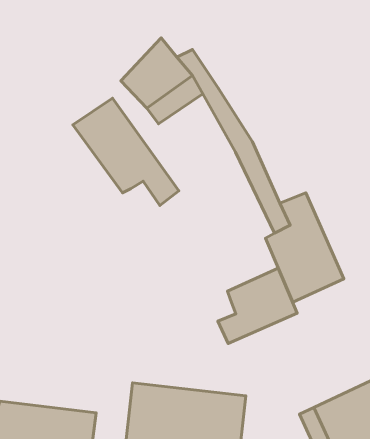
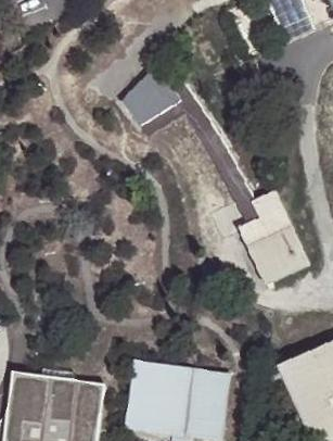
building: [73,98,179,206] -> none
building: [218,268,297,343] -> none

